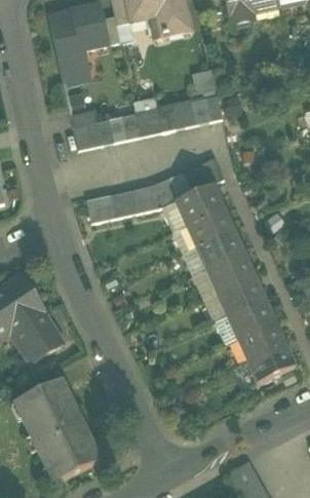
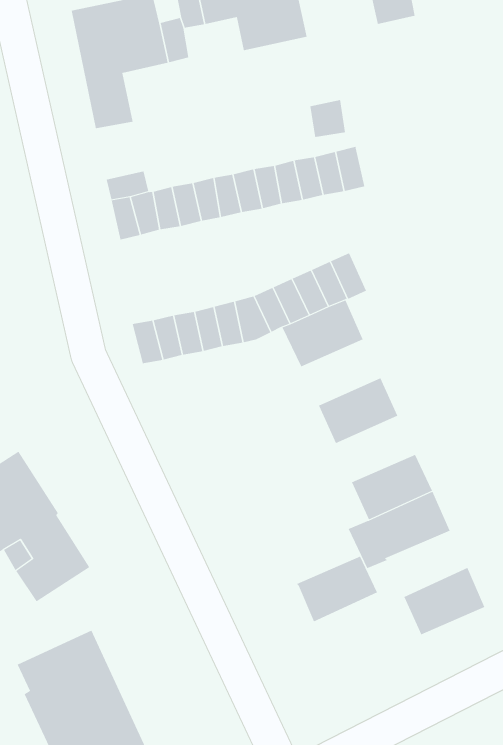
building: [187,208,234,247] -> none
building: [207,254,255,293] -> none
building: [237,321,285,360] -> [296,556,378,622]

